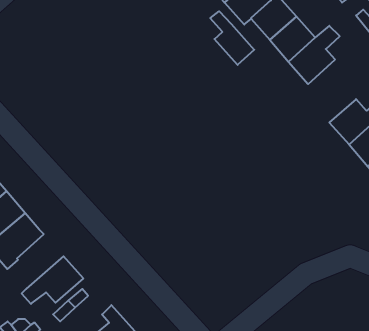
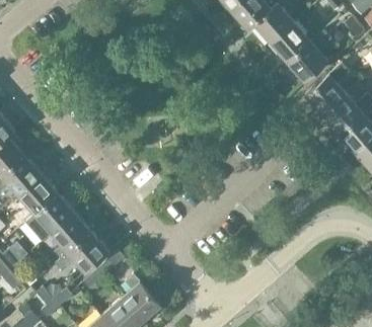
building: [210,11,254,65] -> none
building: none -> [305,63,350,114]
building: none -> [51,212,91,259]

